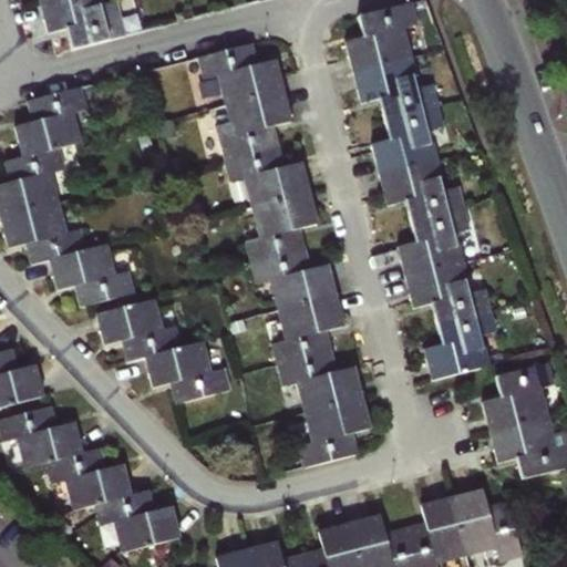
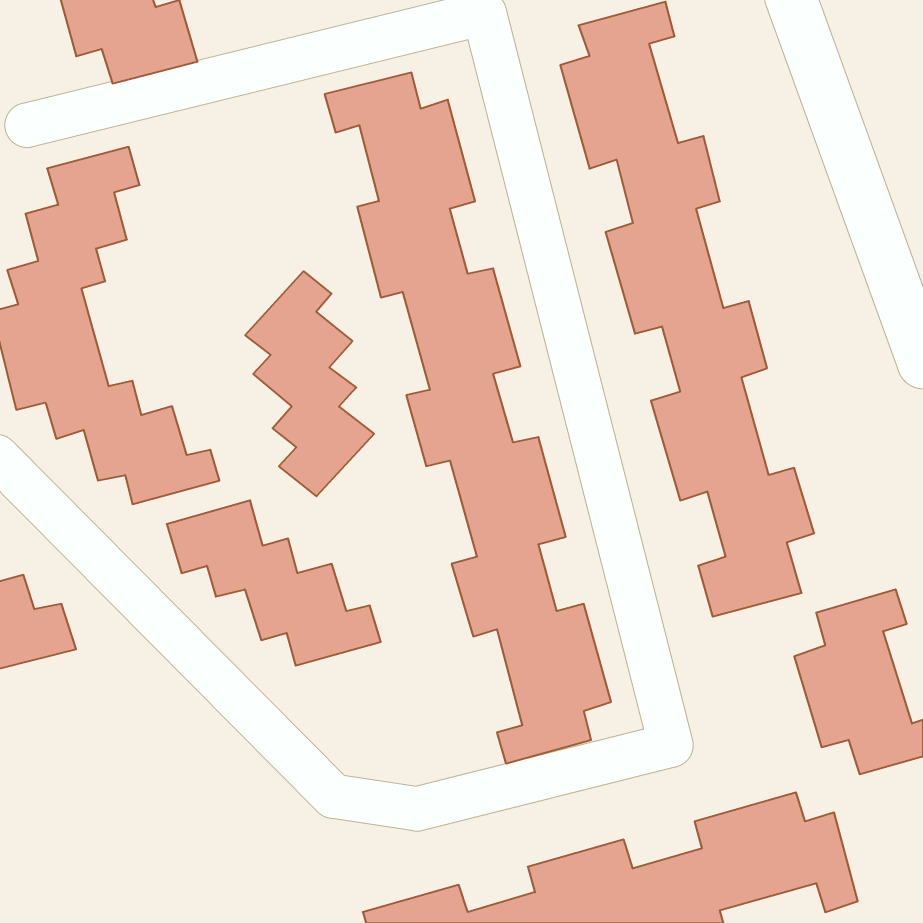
building: none -> [245,271,374,496]
building: [4,410,184,554] -> none

